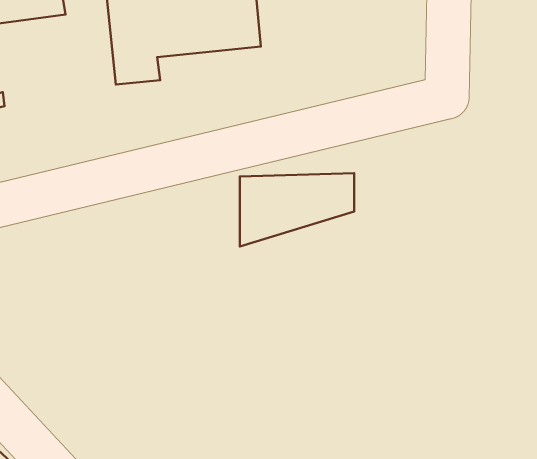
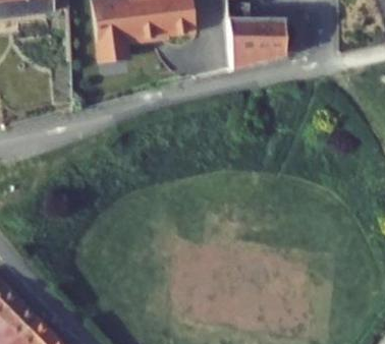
building: [240,173,354,247] -> [231,16,308,65]

